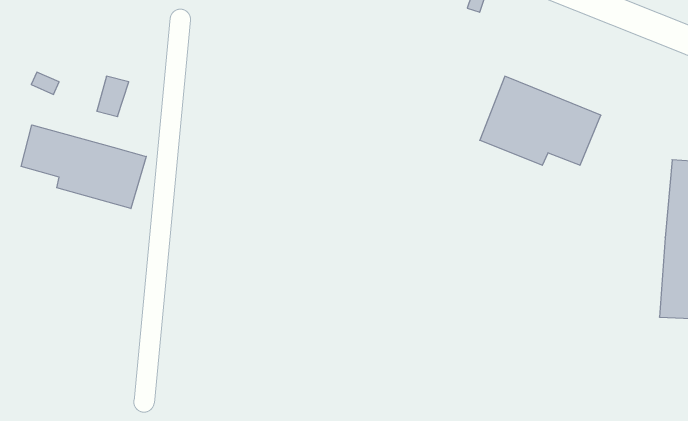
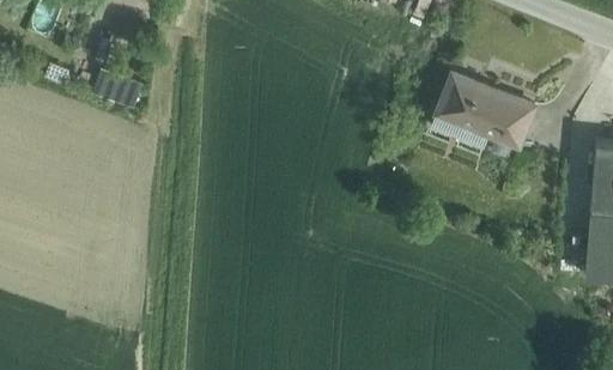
building: [21,125,146,209] -> none

